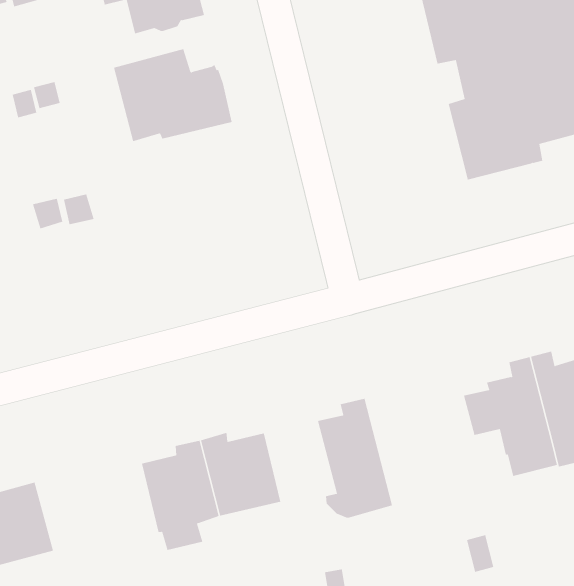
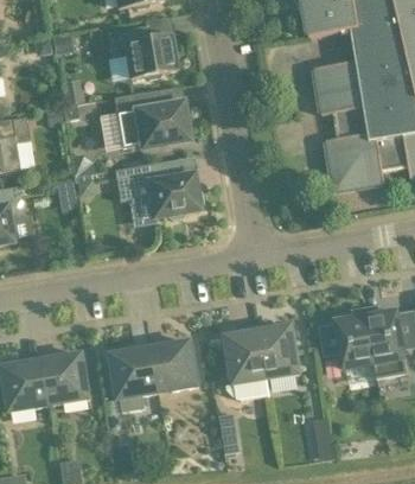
building: none -> [115,161,200,217]
building: none -> [257,319,299,393]
building: none -> [42,351,90,403]

